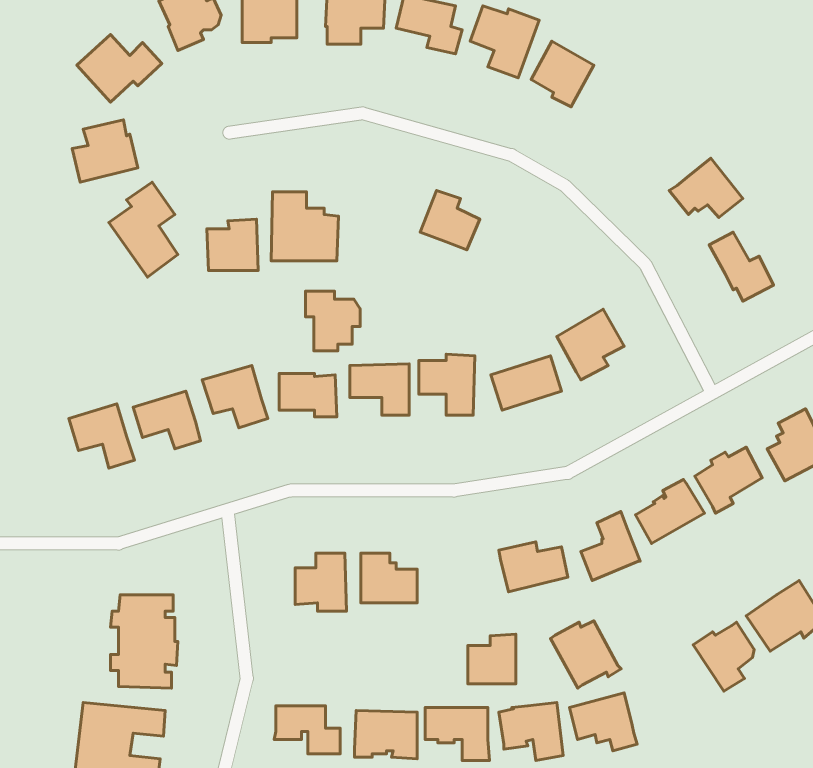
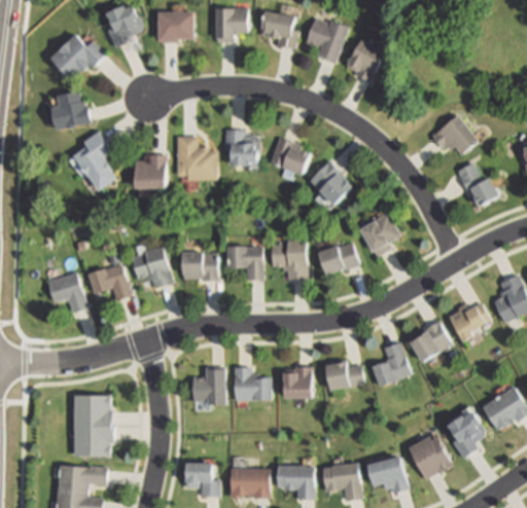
building: none -> [308,160,351,208]
building: [306,291,360,351] -> [225,130,260,168]
building: [550,621,621,688] -> [409,437,454,480]
building: [468,634,516,684] -> [281,366,312,398]

